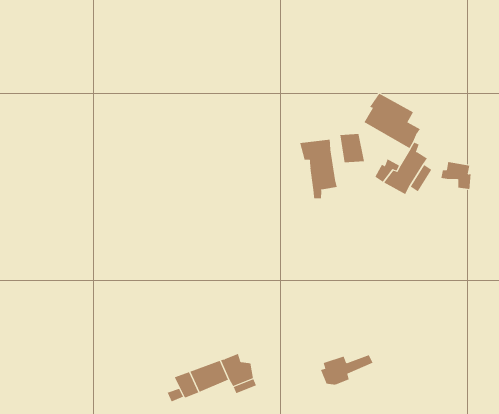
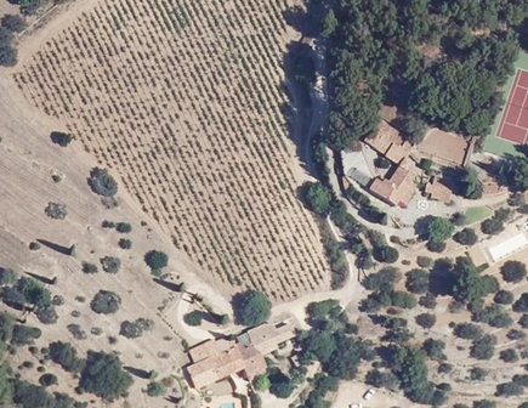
building: [299,139,338,199] -> none
building: none -> [189,336,235,363]
building: [320,354,374,385] -> [249,324,295,351]

